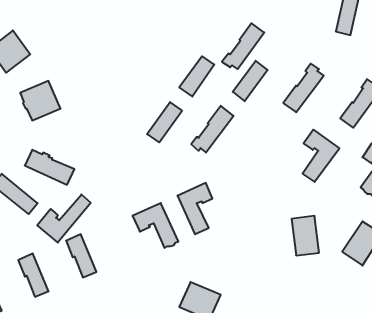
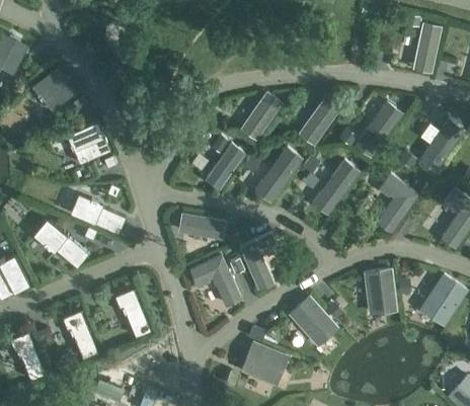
building: [222,23,264,69] -> [311,161,358,212]
building: none -> [178,215,224,238]
building: [37,194,91,243] -> none
building: none -> [290,297,336,344]

